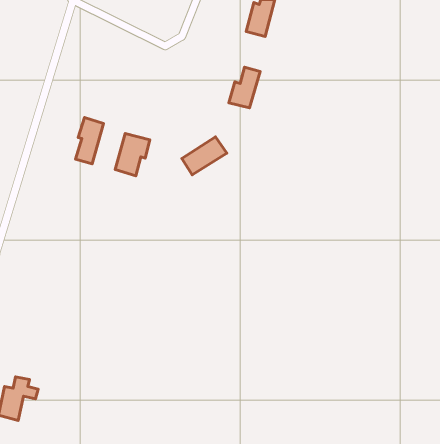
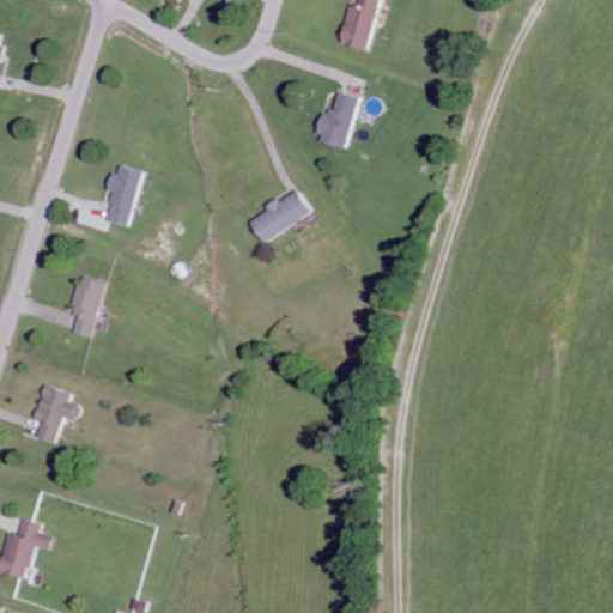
building: [115,133,150,176] -> none
building: none -> [69,274,104,336]
building: none -> [32,383,80,443]

